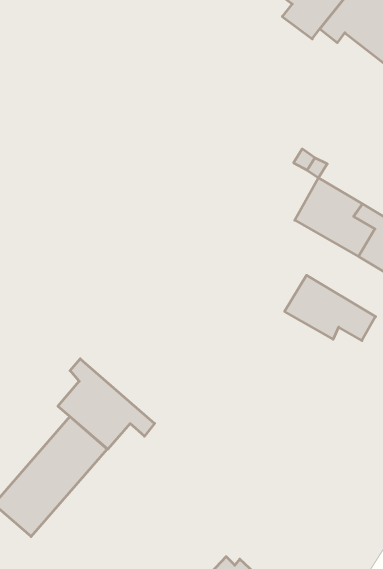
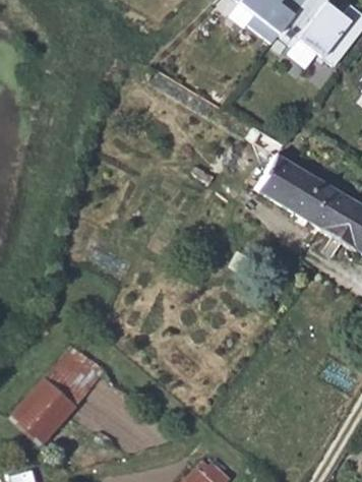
building: [285,275,376,341] -> none
building: [58,359,155,449] -> none

